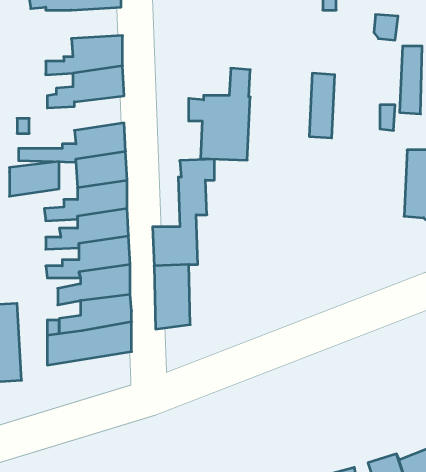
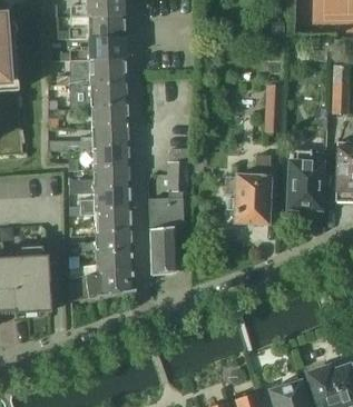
building: none -> [70,36,127,60]
building: [189,68,250,160] -> [224,155,269,222]
building: none -> [288,148,327,207]
building: [9,162,59,196] -> [91,101,128,127]

